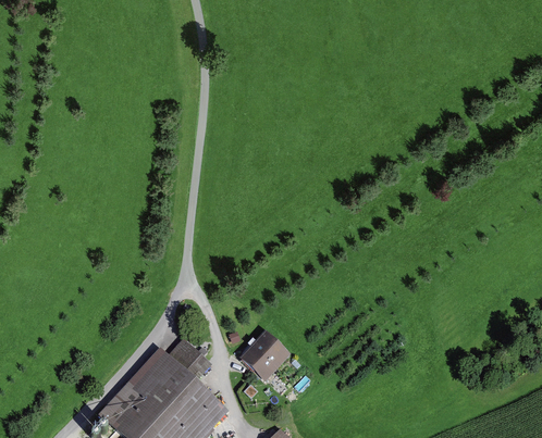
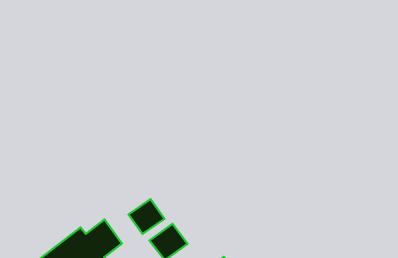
building: none -> [129,199,164,234]

